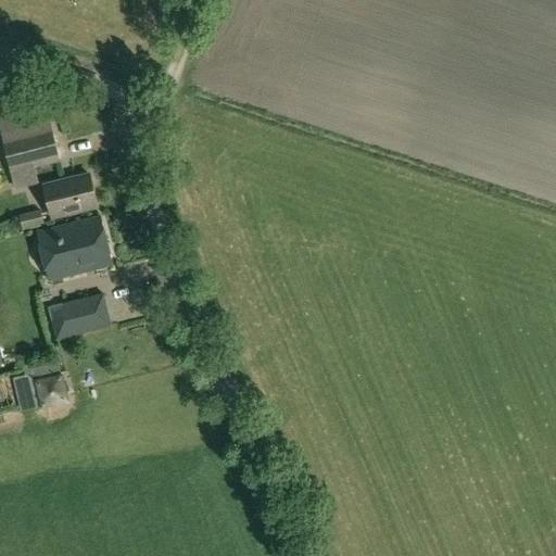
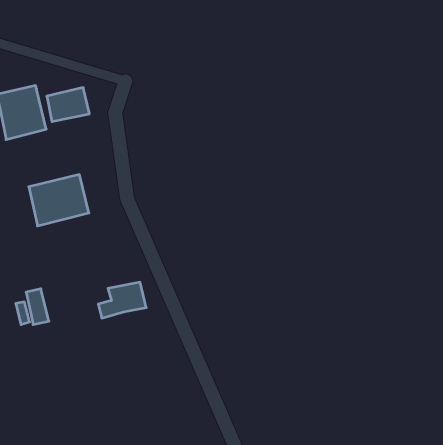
building: [42,174,96,216] -> [47,88,89,122]
building: [49,294,109,339] -> [98,282,146,318]

